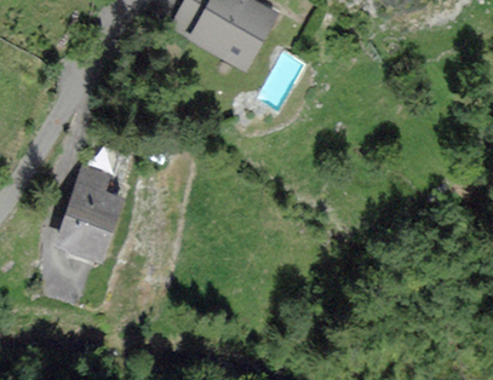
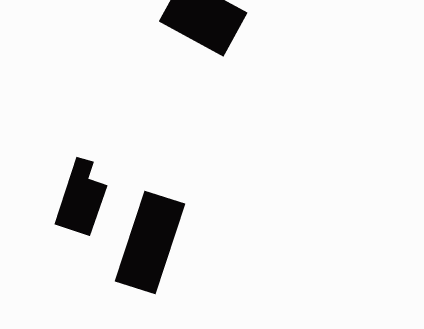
building: none -> [114,190,186,295]

